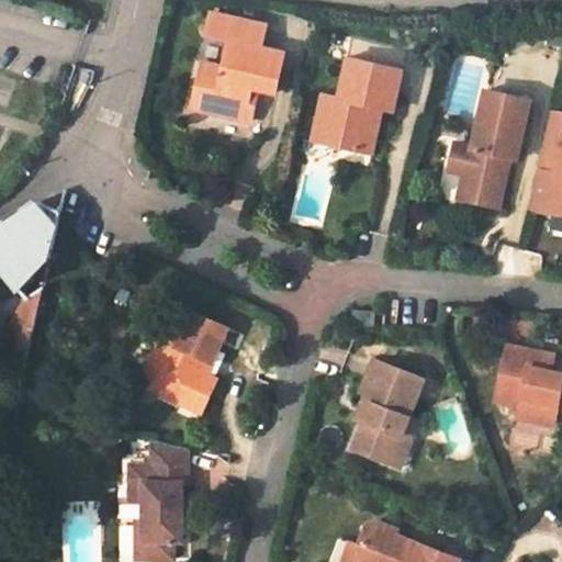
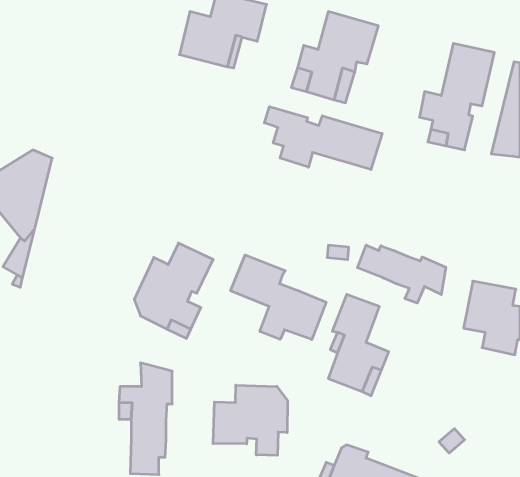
building: none -> [264,107,382,170]
building: none -> [357,245,446,303]
building: none -> [231,255,326,340]
building: none -> [213,385,287,455]

